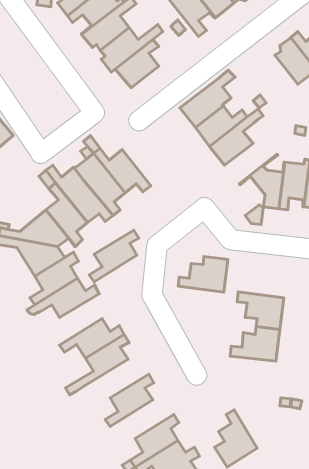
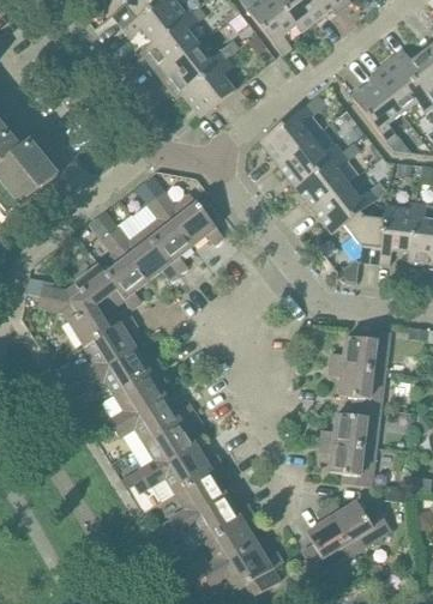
building: none -> [351,76,402,141]
building: none -> [313,180,386,231]
building: [89,230,139,282] -> [108,364,168,427]
building: [178,256,228,292] -> [330,326,390,369]
building: none -> [319,440,375,485]
building: none -> [133,443,222,491]
building: none -> [175,493,252,539]
building: none -> [325,499,391,551]

